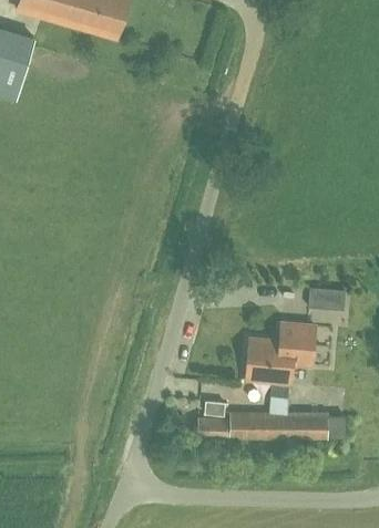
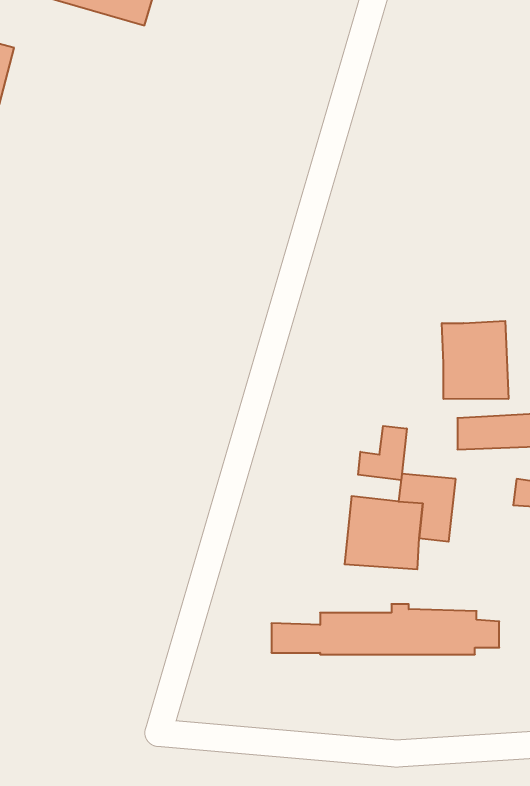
building: none -> [442,321,508,399]
building: none -> [358,426,407,480]

